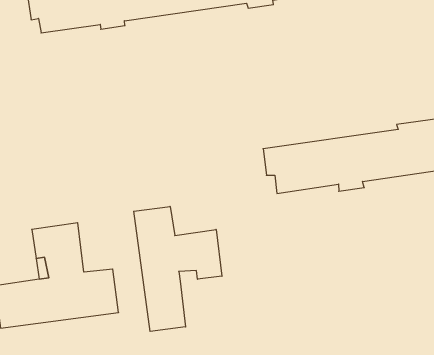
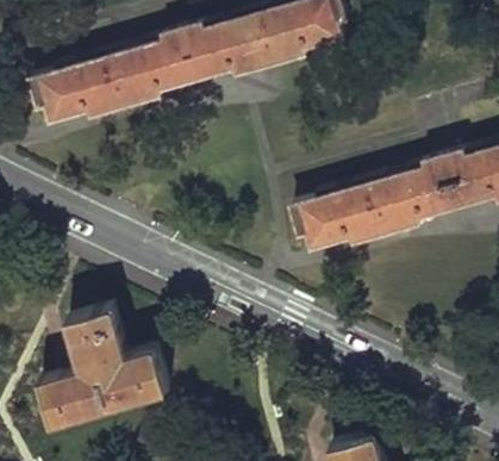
building: [134,206,222,331] -> none

